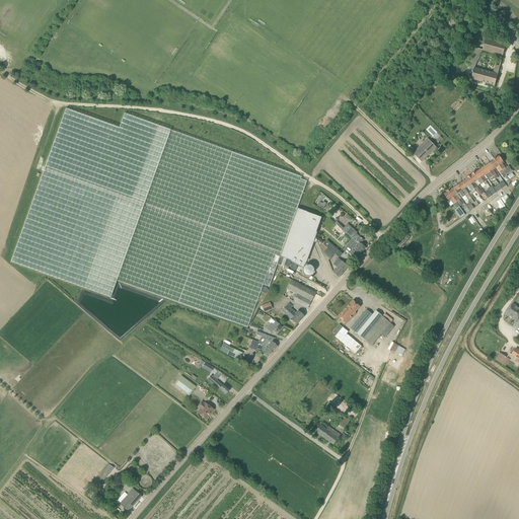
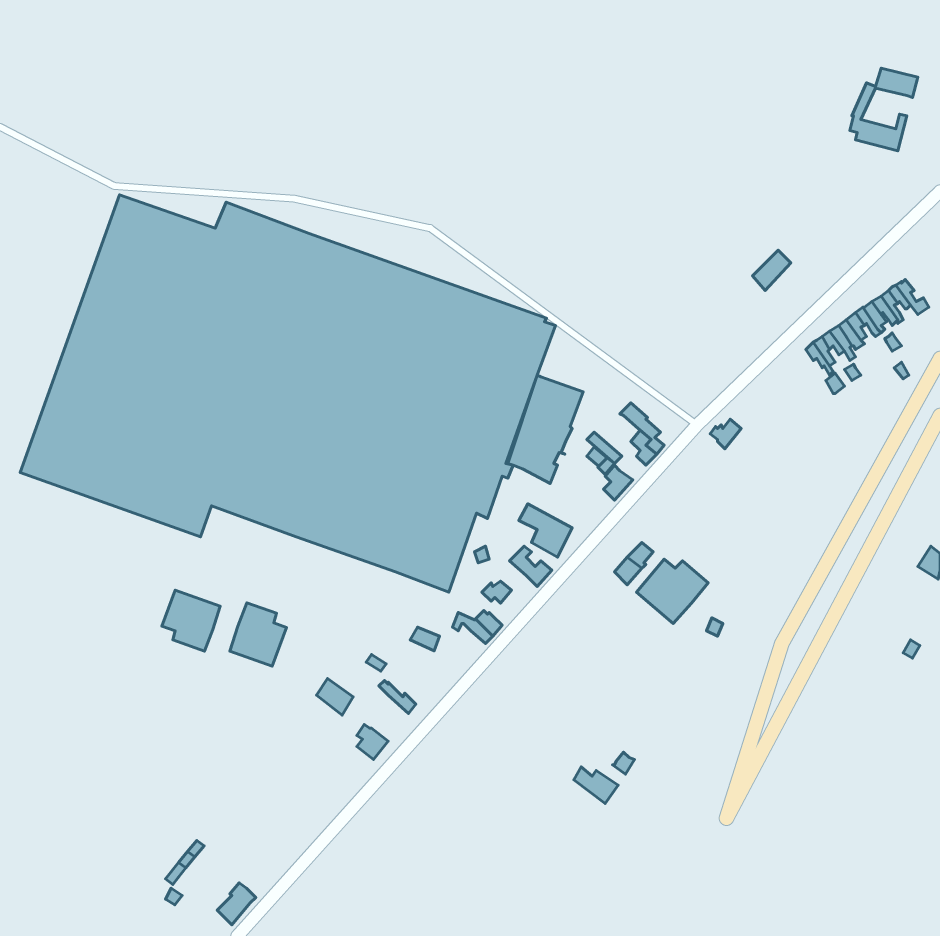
building: none -> [162,590,220,651]
building: none -> [230,603,287,666]

